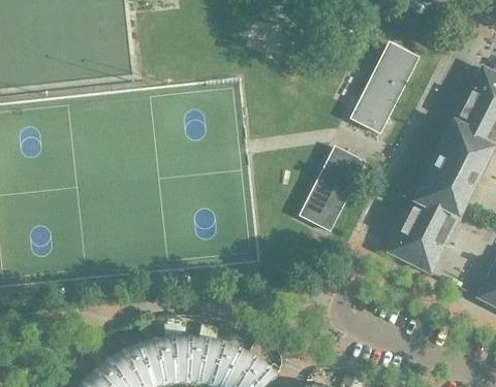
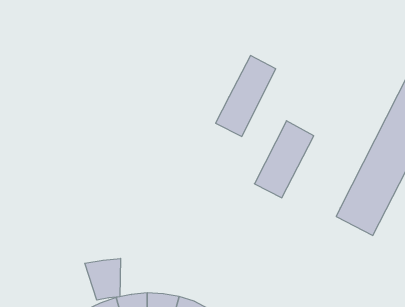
building: [351,43,417,132] -> [216,56,276,136]
building: none -> [85,258,121,300]

